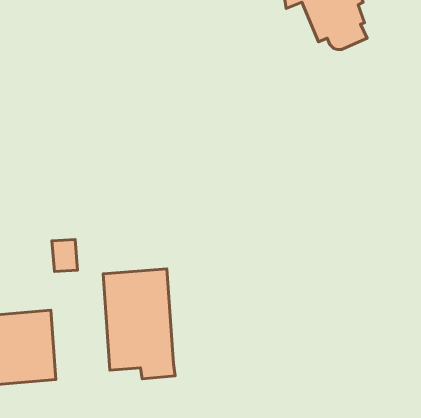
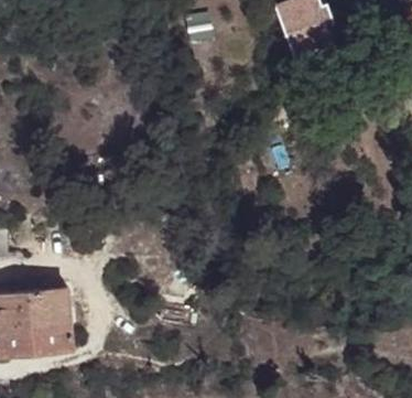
building: [103,269,175,379] -> none

